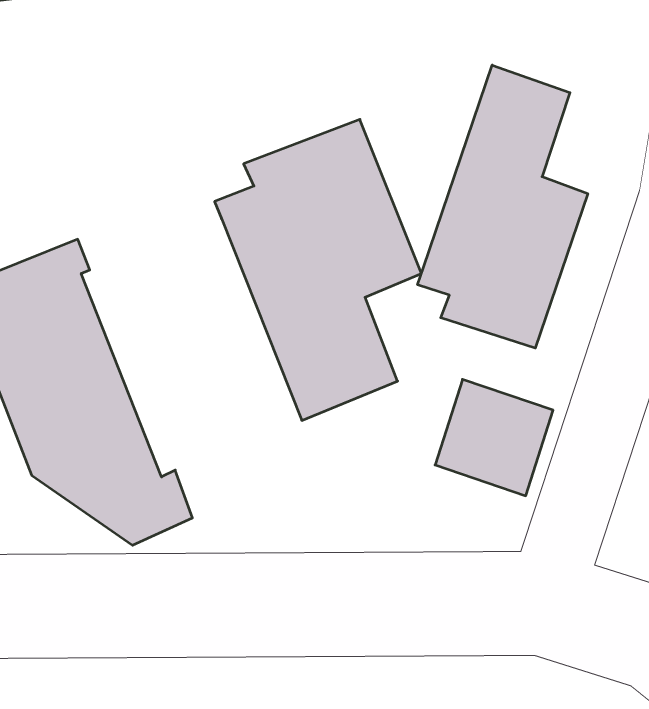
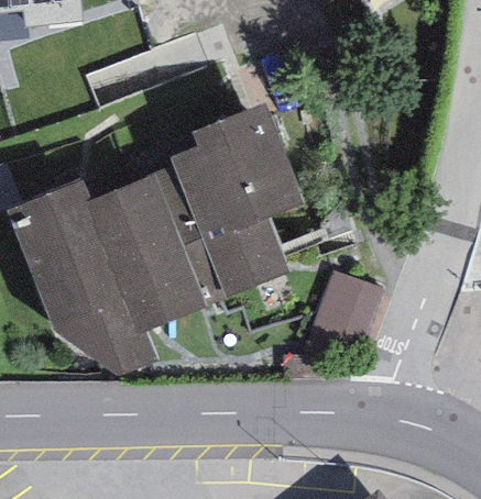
building: [418,65,588,348] -> none
building: none -> [85,165,227,331]

